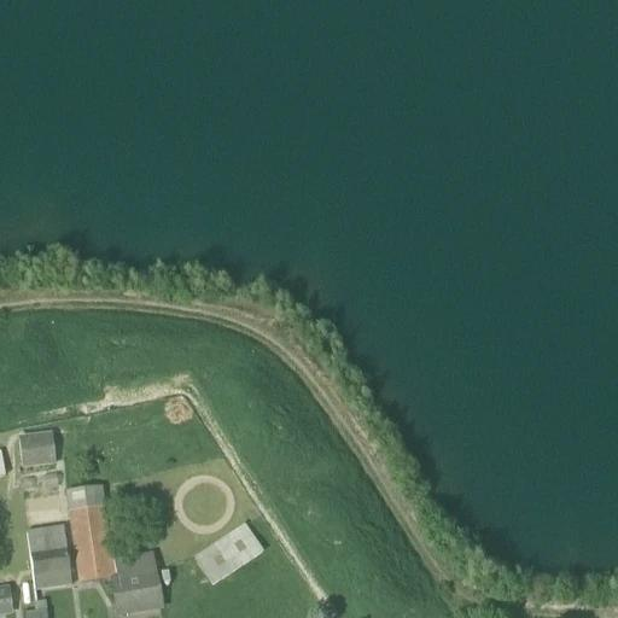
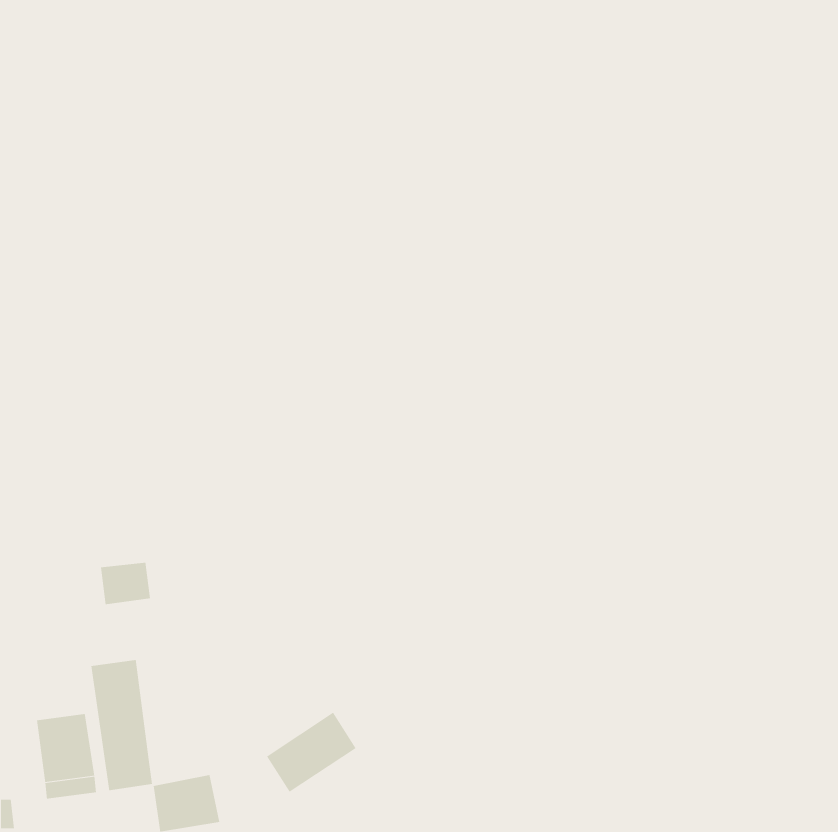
building: [19,432,57,464] -> [100,562,151,605]
building: [111,550,156,577] -> none

